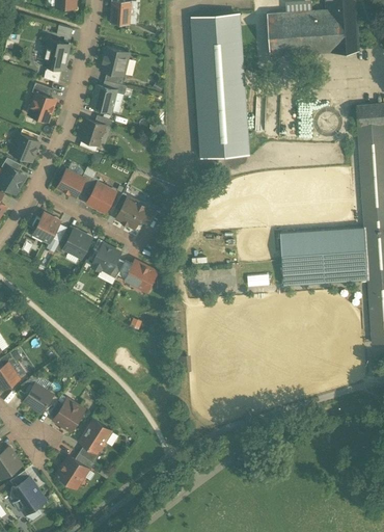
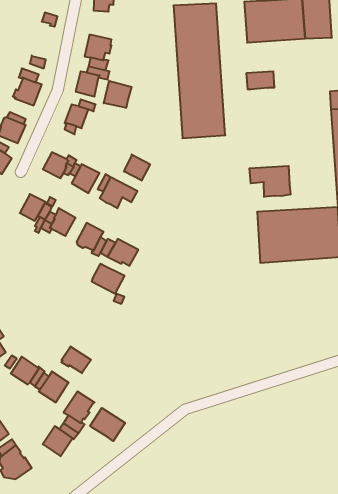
building: [43,41,70,70] -> none
building: none -> [247,71,274,90]
building: none -> [104,81,132,108]
building: none -> [124,154,150,181]
building: none -> [249,166,290,197]
building: none -> [92,264,124,294]
building: none -> [61,346,91,373]
building: none -> [90,408,125,441]

